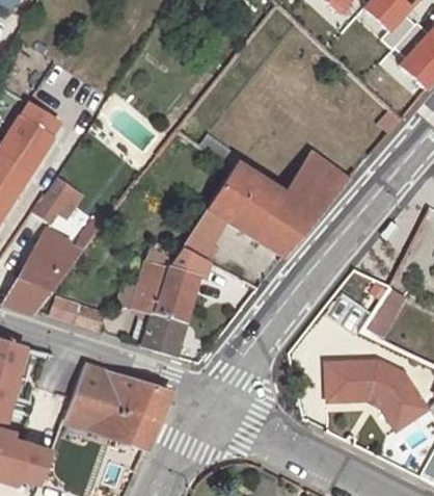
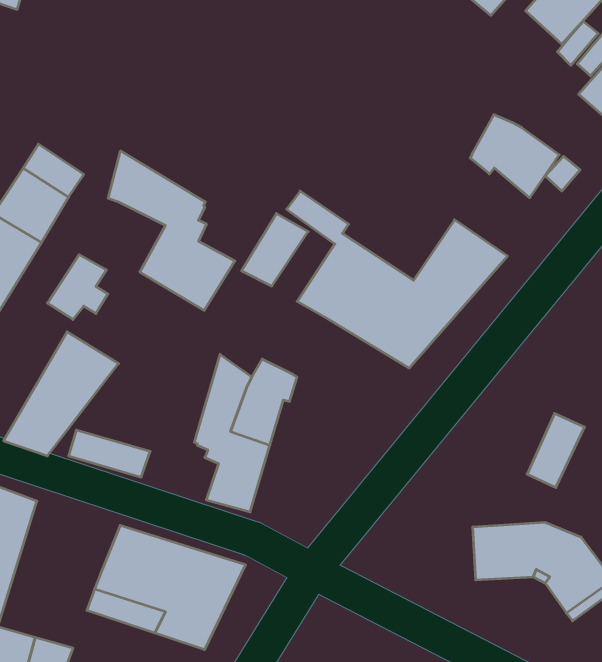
building: none -> [470,115,559,198]
building: none -> [108,151,235,310]
building: [183,209,228,259] -> [242,213,308,286]

